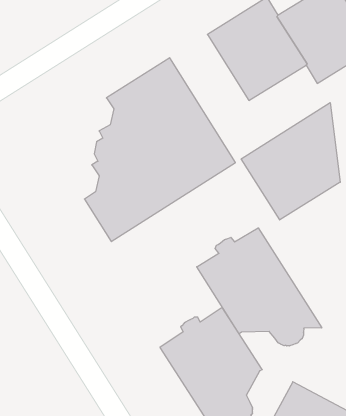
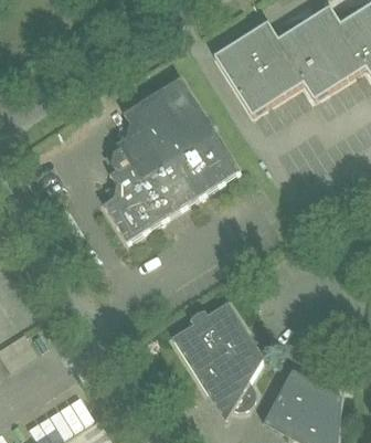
building: [241,103,340,220] -> none
building: [197,228,322,346] -> none

